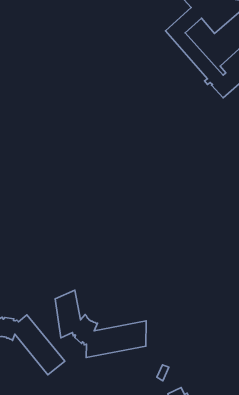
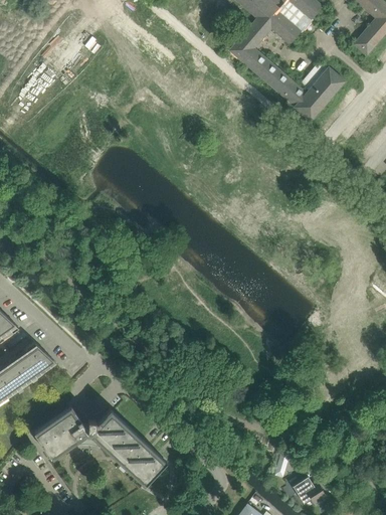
building: [55,290,146,357] -> none

